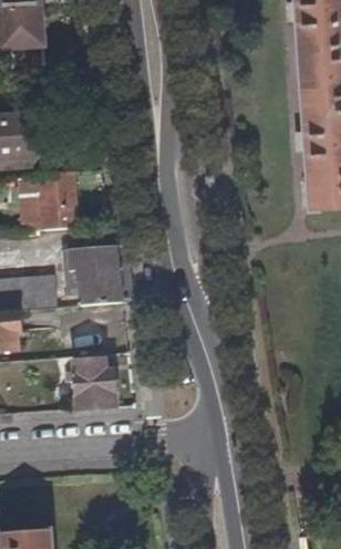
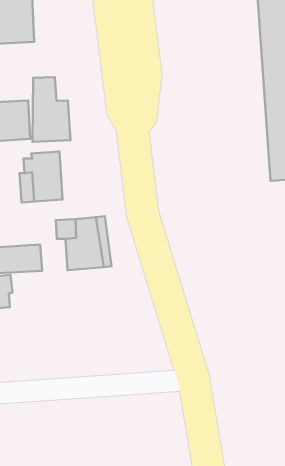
building: none -> [32,77,70,142]
building: [72,360,112,410] -> none

